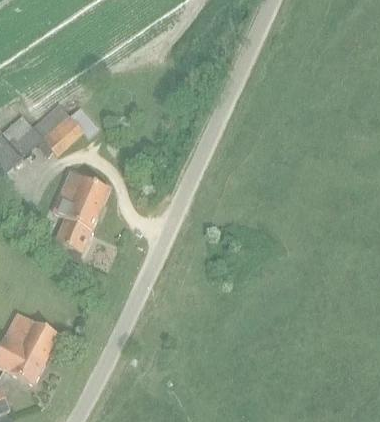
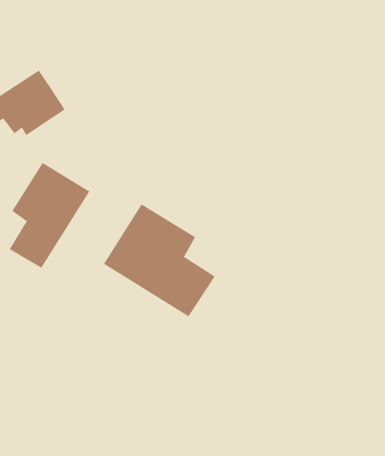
building: none -> [103,203,216,317]

